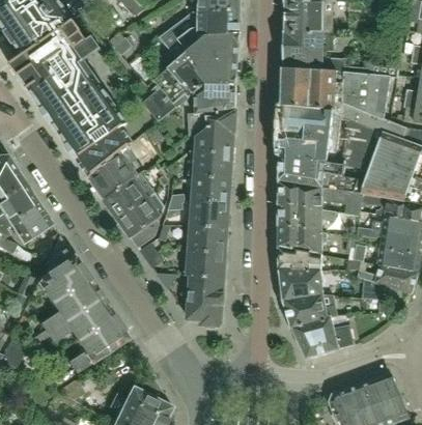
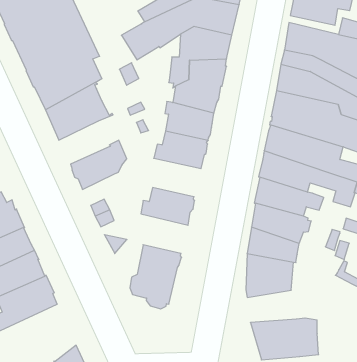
building: [105,178,149,219] -> none
building: [188,202,229,229] -> none
building: [185,251,226,279] -> none
building: [286,294,338,328] -> none

